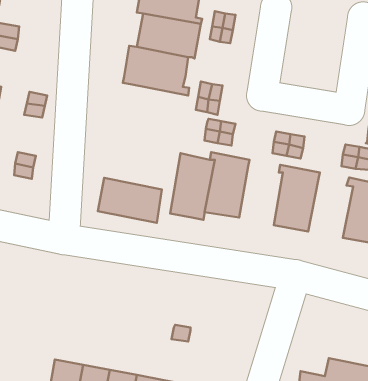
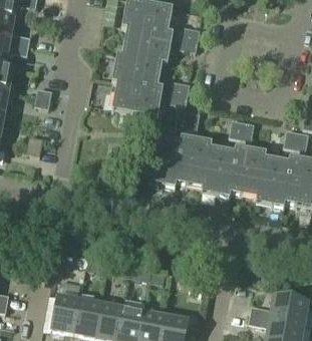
building: none -> [202,144,237,196]
building: [98,178,162,223] -> [112,80,163,115]
building: none -> [256,154,292,206]

